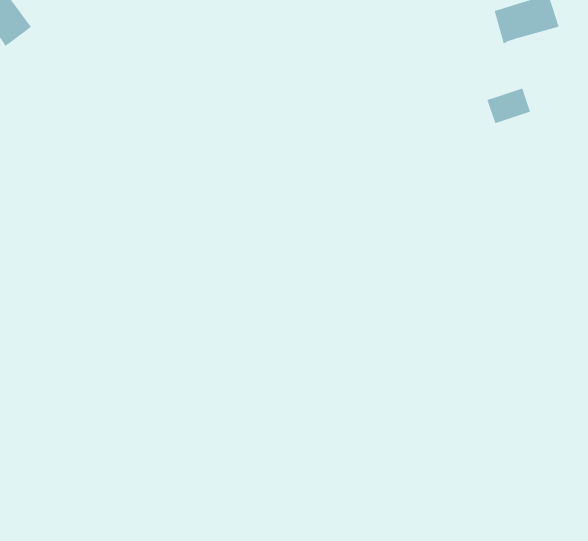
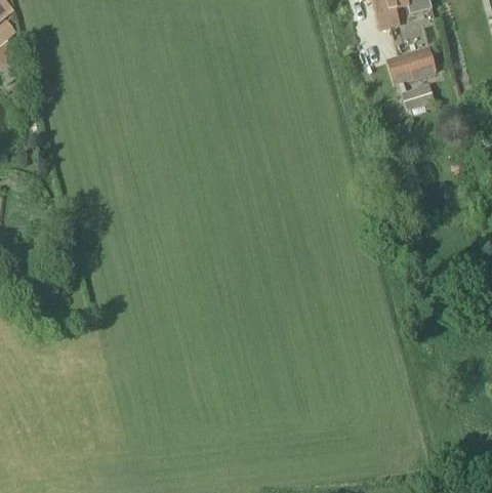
building: [487,88,531,124] -> [401,83,435,111]

